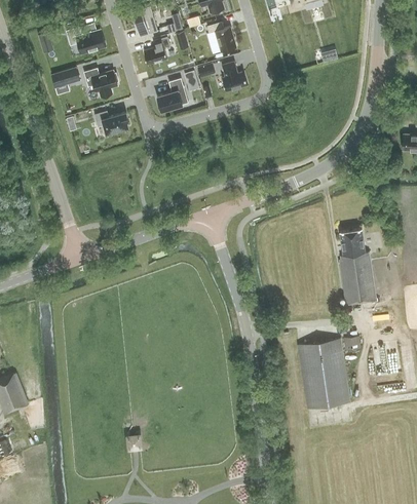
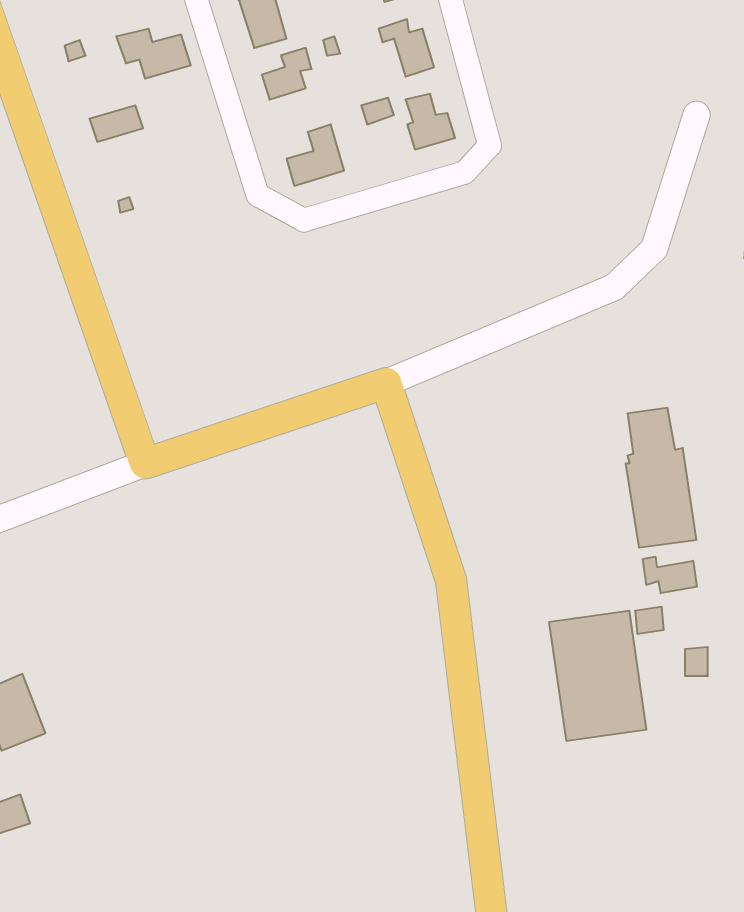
building: [84,69,118,96] -> none
building: [94,111,128,133] -> none
building: none -> [643,557,697,593]

